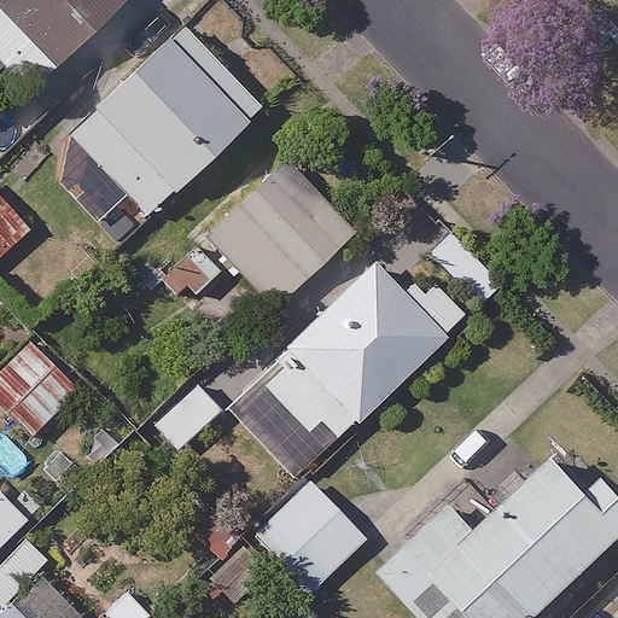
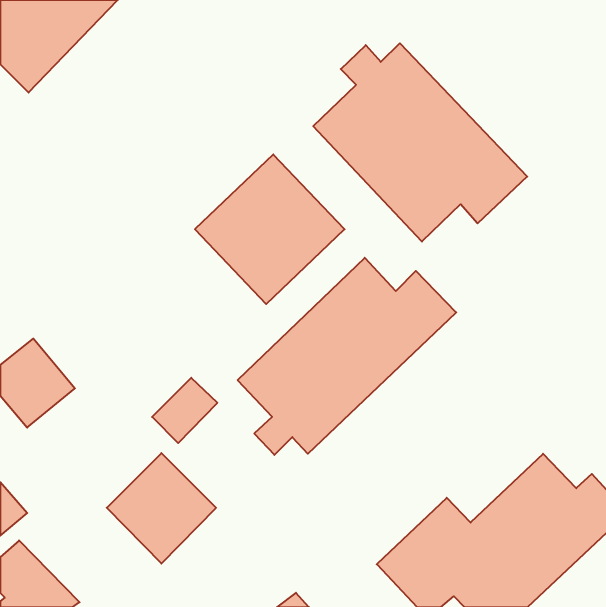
building: [78,28,260,218] -> none
building: none -> [313,43,527,242]
building: [252,483,363,595] -> [107,453,216,564]

